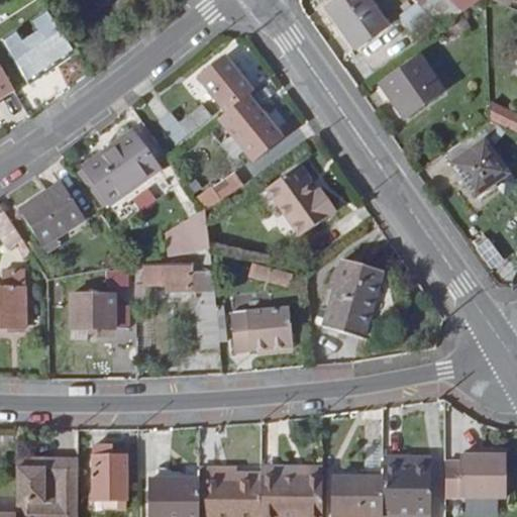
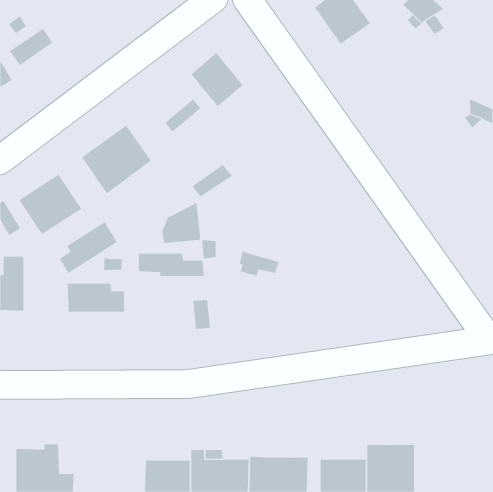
building: [381,56,443,117] -> none
building: [218,93,284,161] -> none
building: [453,139,508,195] -> none
building: [267,165,334,234] -> none
building: none -> [59,221,117,274]
building: [322,258,384,337] -> none
building: [230,306,295,352] -> none
building: [93,449,126,500] -> none
building: [444,450,505,498] -> none
building: [16,458,78,495] -> none

